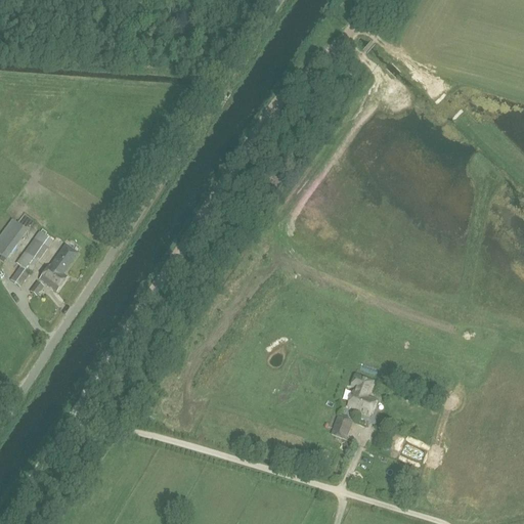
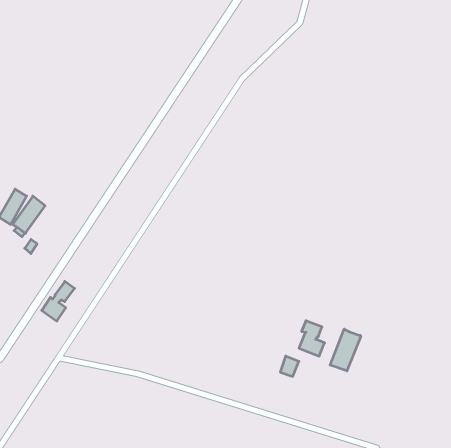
building: [39,243,77,289] -> [42,281,75,321]
building: none -> [330,329,361,371]

